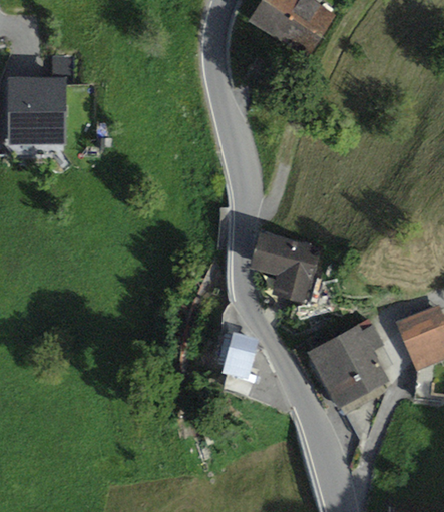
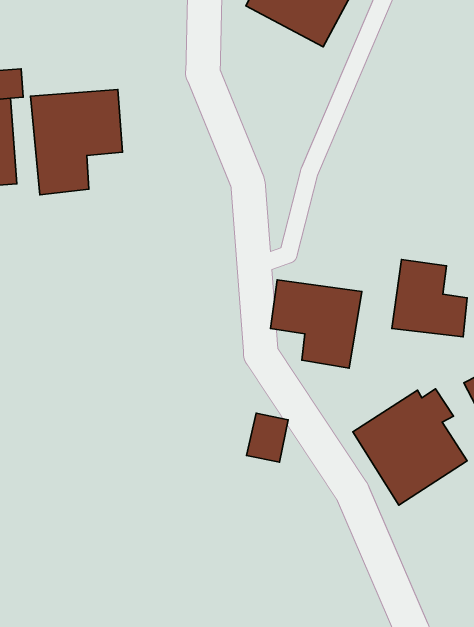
building: none -> [30,90,122,195]
building: none -> [392,259,467,337]

